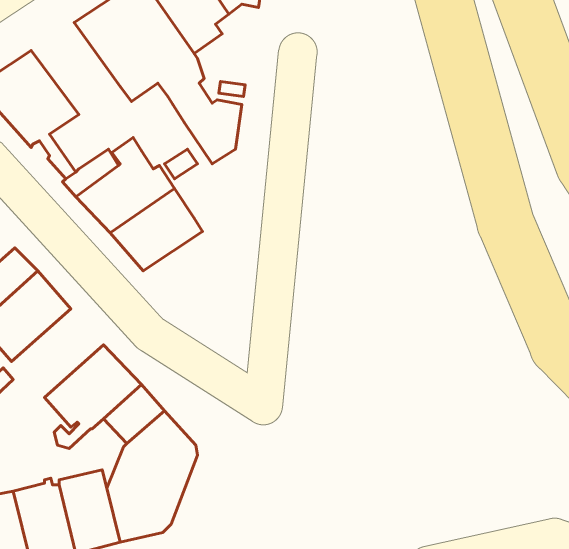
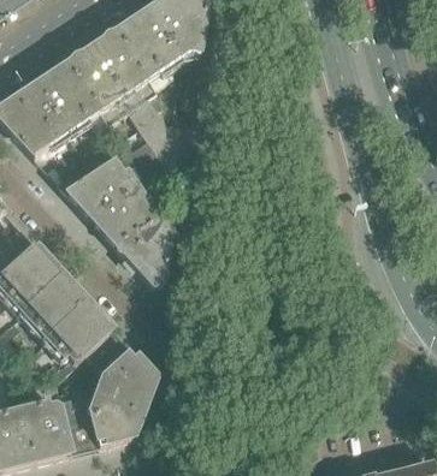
building: none -> [35,63,108,130]
building: none -> [117,215,175,282]
building: none -> [20,272,88,337]

